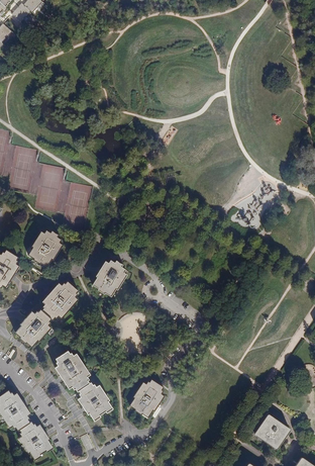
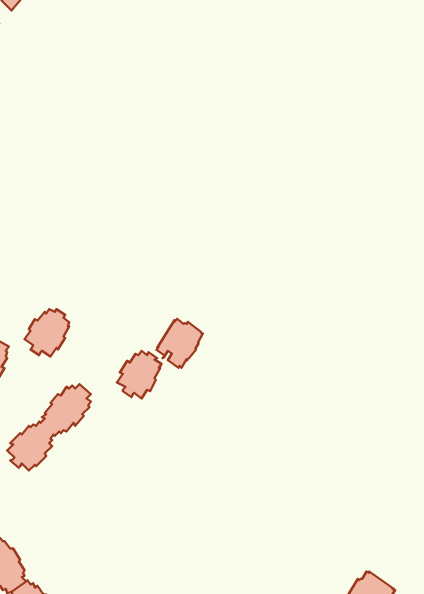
building: none -> [156,319,203,368]
building: [57,352,112,418] -> none
building: [132,380,164,414] -> none

